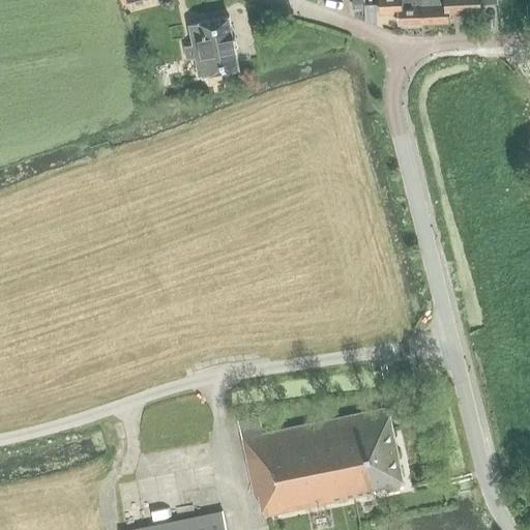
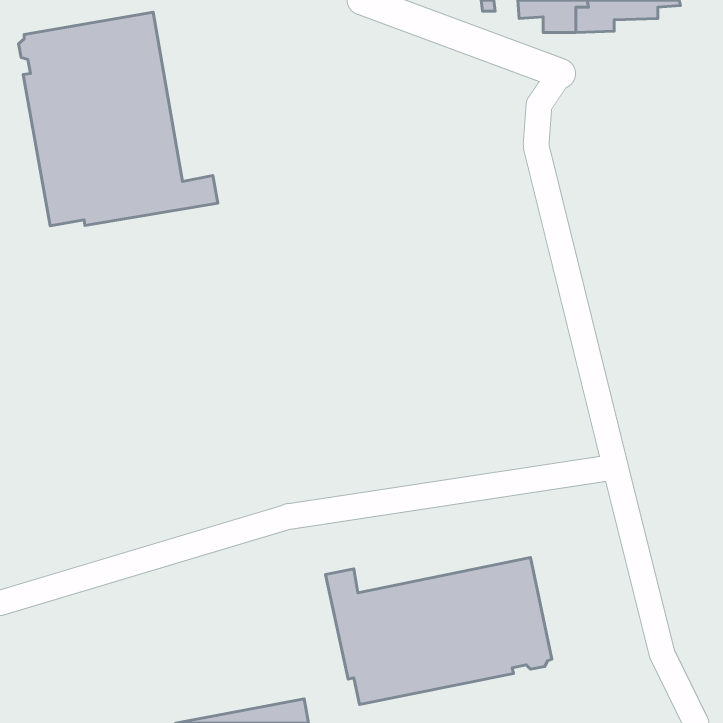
building: none -> [19,12,218,226]
building: [182,17,239,76] -> none

